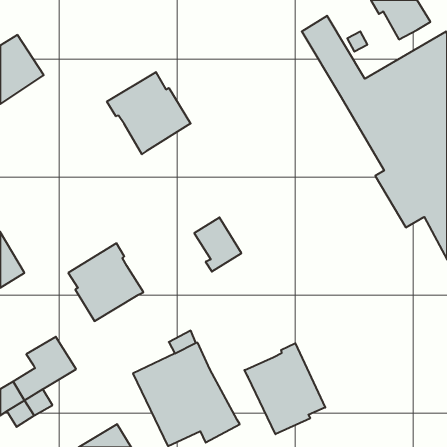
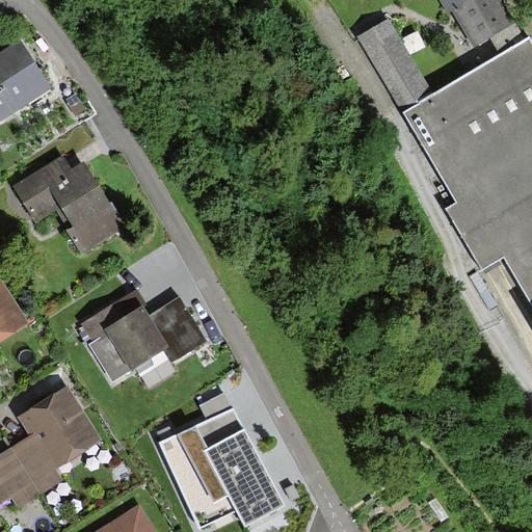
building: [107,72,191,154] -> none
building: none -> [11,153,126,254]
building: [194,217,241,272] -> [151,297,207,362]
building: [244,343,325,434] -> none

